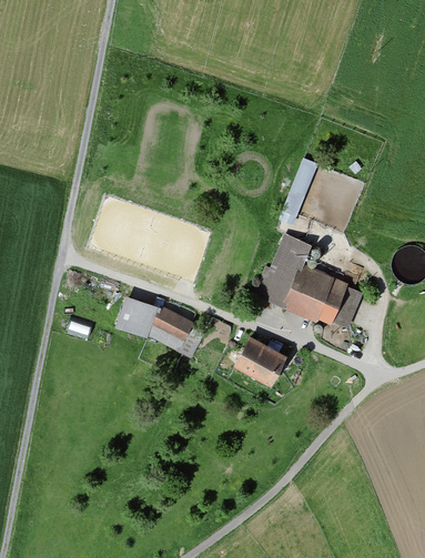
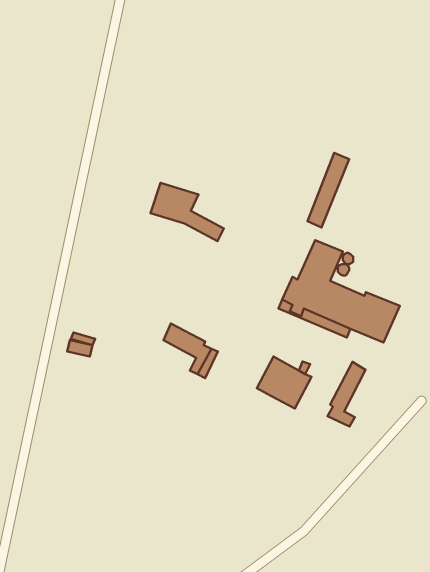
building: [119,298,183,349] -> [150,183,224,241]
building: none -> [328,362,366,427]

